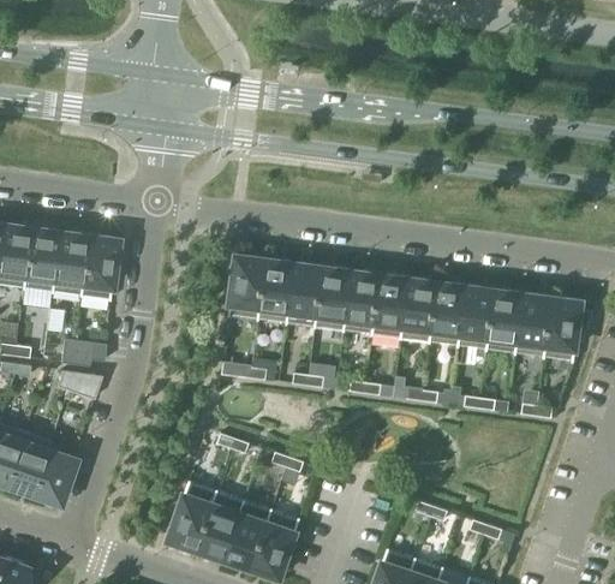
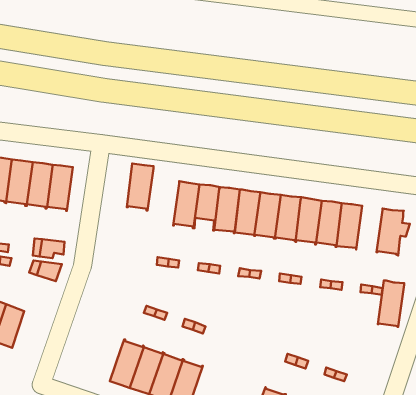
building: [228,255,265,321] -> [127,163,153,211]
building: [514,293,551,358] -> [378,281,404,327]
building: [31,441,72,501] -> none

